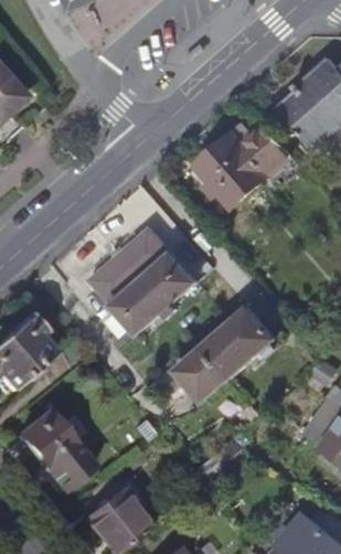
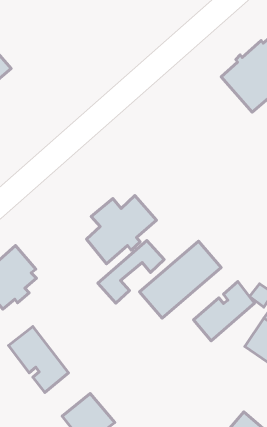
building: [195,121,292,207] -> none
building: [88,228,169,305] -> [98,241,164,303]
building: none -> [193,282,255,341]

